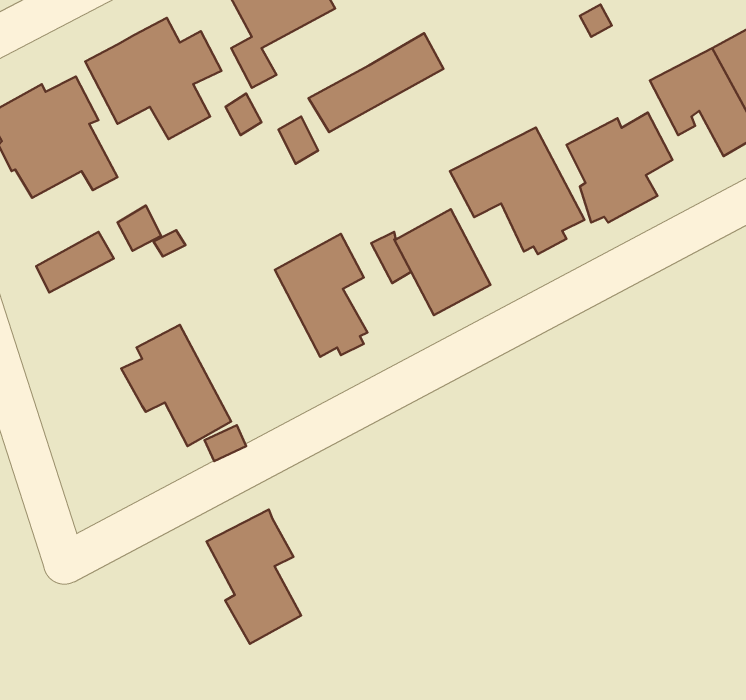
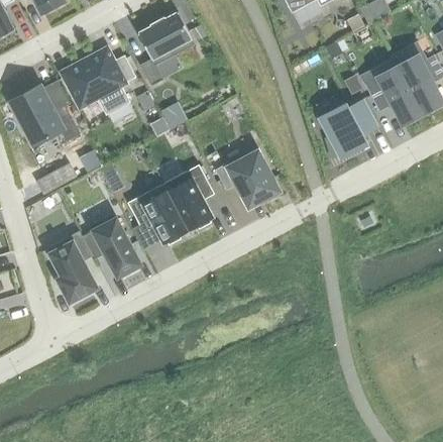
building: [308,33,443,132] -> none
building: [450,127,584,254] -> none
building: none -> [127,184,188,245]
building: [206,509,301,644] -> [46,231,97,303]

